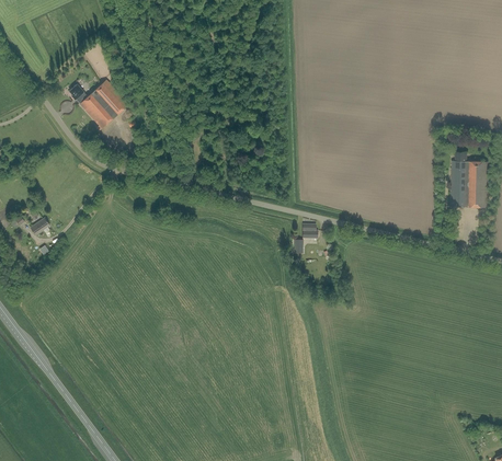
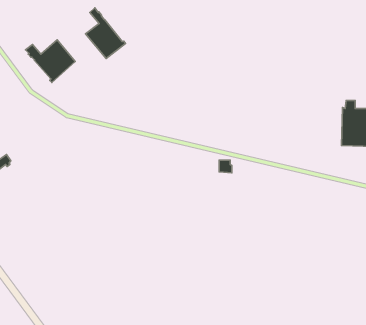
building: none -> [86,8,125,58]

